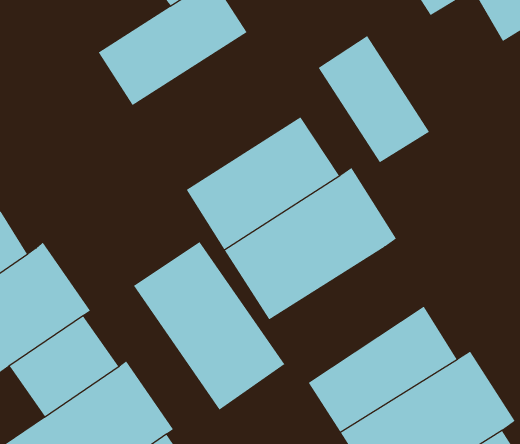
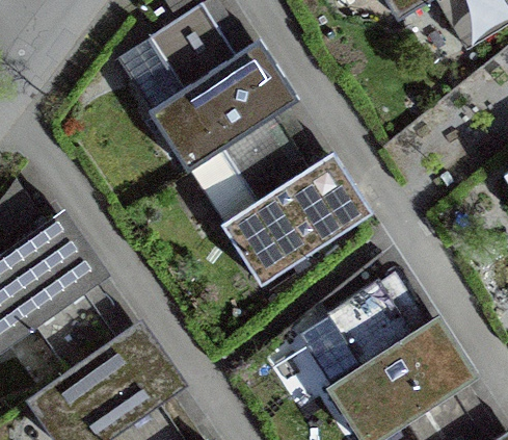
building: none -> [141,31,299,176]
building: [318,35,430,163] -> none
building: [133,241,285,411] -> none

